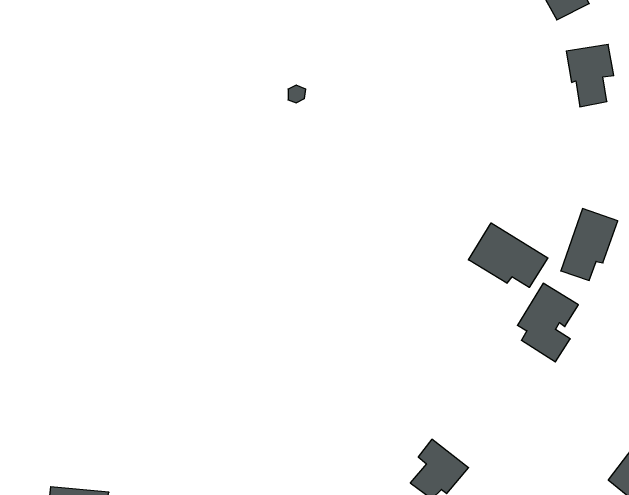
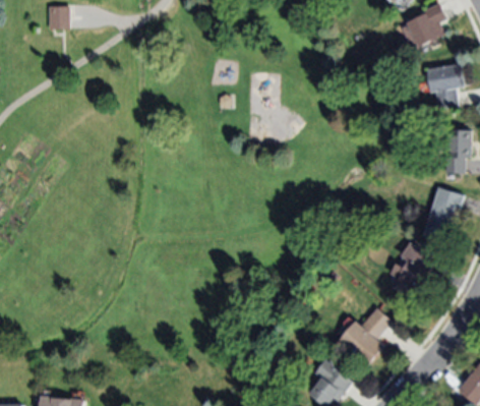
building: none -> [443,130,469,174]
building: [468,223,548,287] -> none
building: none -> [339,308,392,365]

